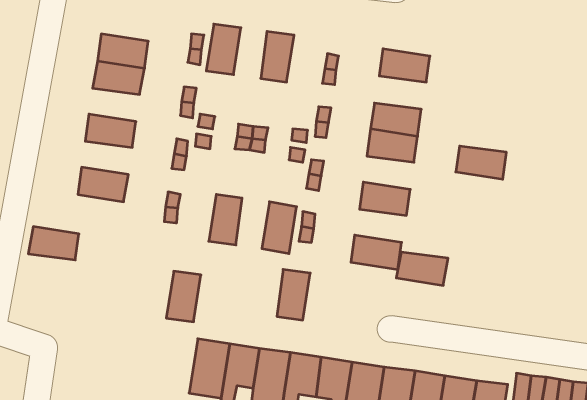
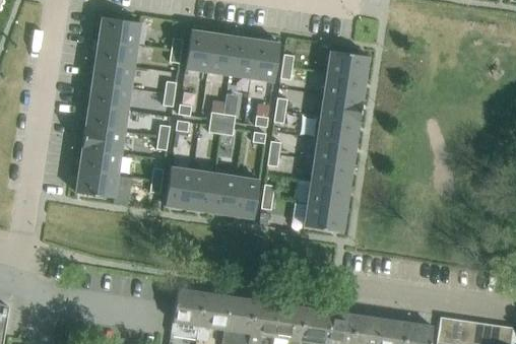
building: none -> [99,16,140,44]
building: none -> [207,32,235,74]
building: none -> [251,39,279,81]
building: none -> [323,72,366,99]
building: none -> [88,82,130,110]
building: none -> [82,126,124,153]
building: [456,146,506,179] -> [314,138,356,165]
building: [28,227,79,260] -> [75,169,117,197]
building: [396,252,448,285] -> [307,182,349,209]
building: [277,269,310,320] -> [209,173,237,214]
building: [166,271,201,322] -> [165,166,193,208]

